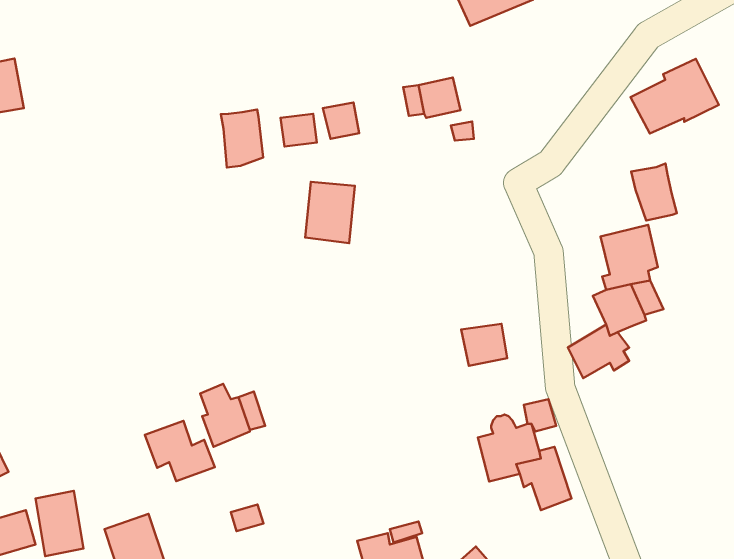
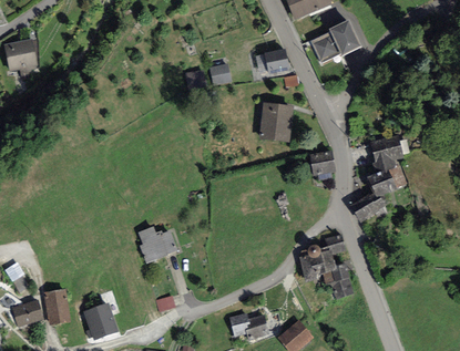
building: [631,59,719,133] -> [310,19,361,62]
building: [221,110,263,167] -> none
building: [631,164,677,220] -> none
building: [305,182,355,243] -> [263,106,292,142]
building: [461,324,507,366] -> [309,151,336,175]
building: [145,421,215,481] -> none

